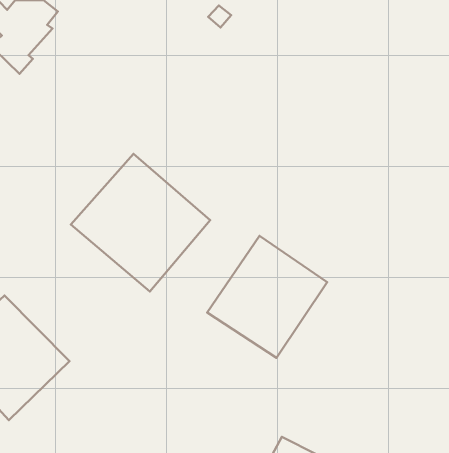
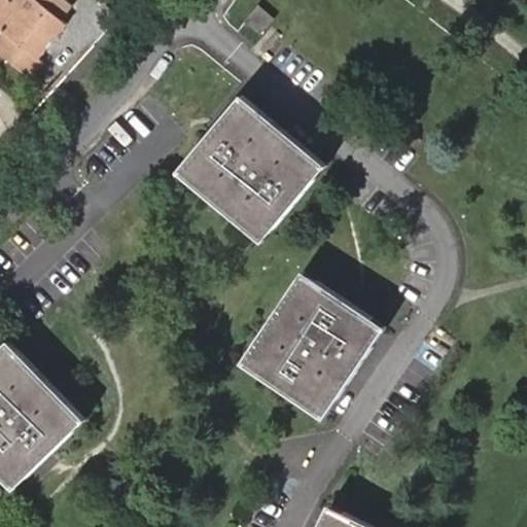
building: none -> [177,99,319,241]
building: [71,154,210,291] -> none

